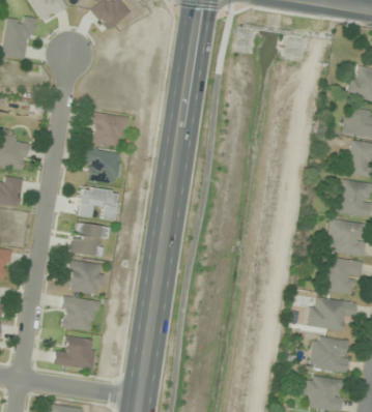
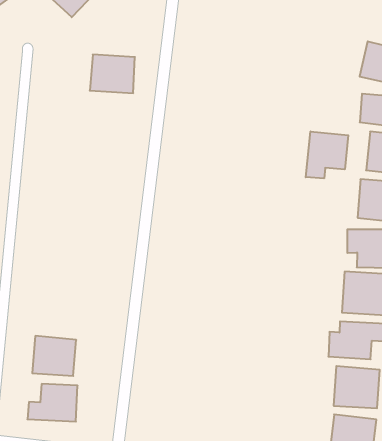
building: [87,113,126,147] -> [90,55,135,93]
building: none -> [306,131,348,178]
building: [83,148,120,184] -> none
building: [78,186,120,220] -> none
building: [70,223,108,257] -> none
building: [65,260,105,295] -> none

